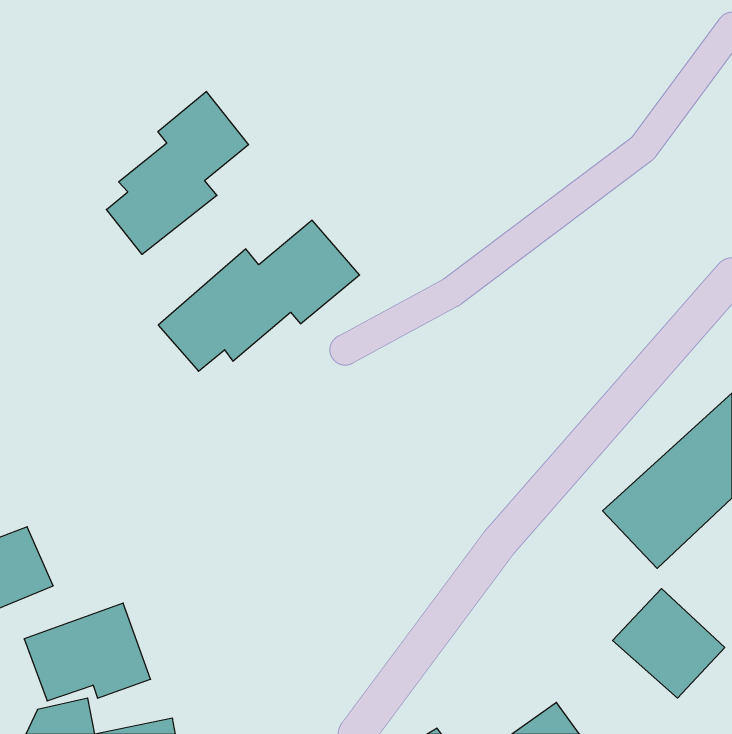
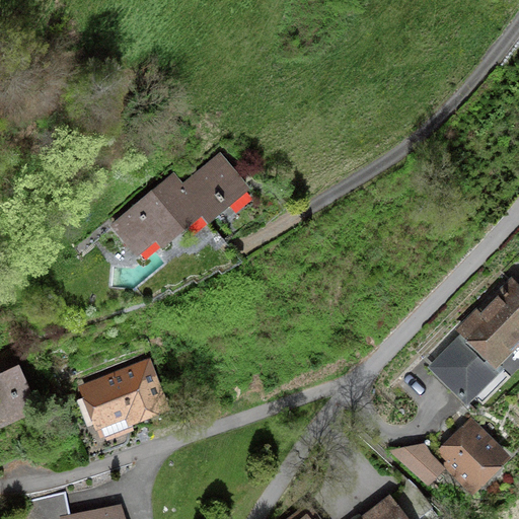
building: [106,91,249,254] -> none
building: [24,603,151,701] -> [79,361,168,430]
building: none -> [390,443,447,486]

